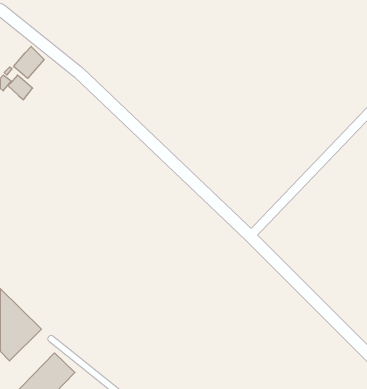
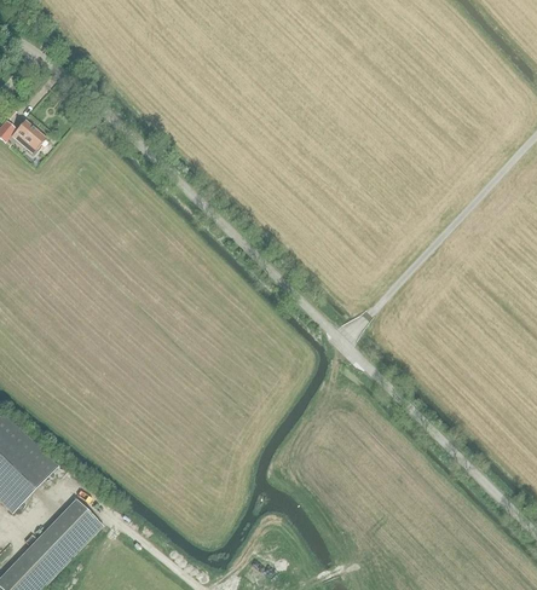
building: [14,46,44,78] -> none

